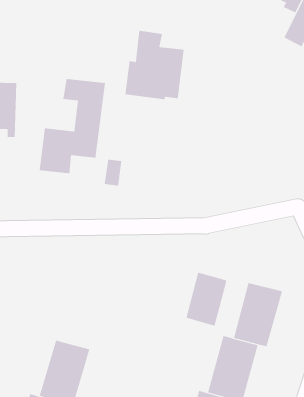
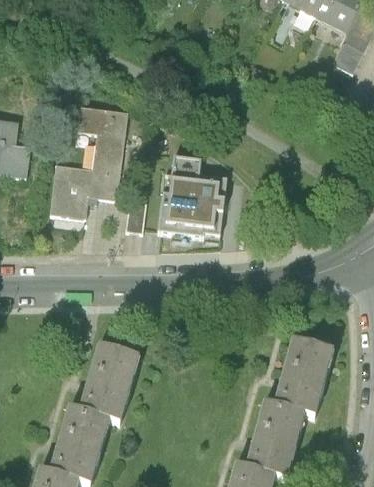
building: [125,30,184,100] -> [156,158,225,238]
building: [186,272,227,326] -> none
building: none -> [79,348,137,424]

